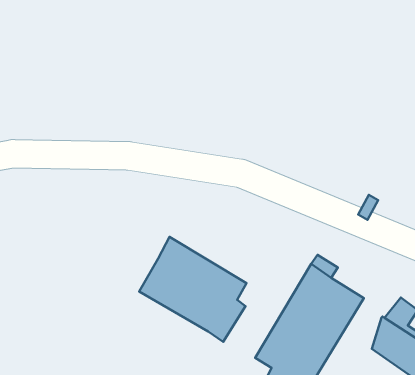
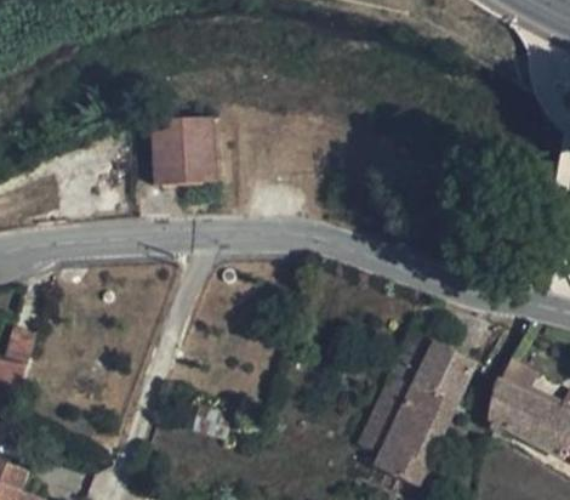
building: none -> [153,118,215,184]
building: [139,237,247,342] -> none

